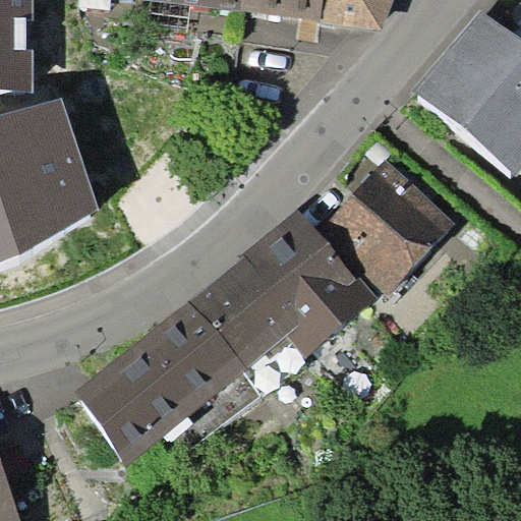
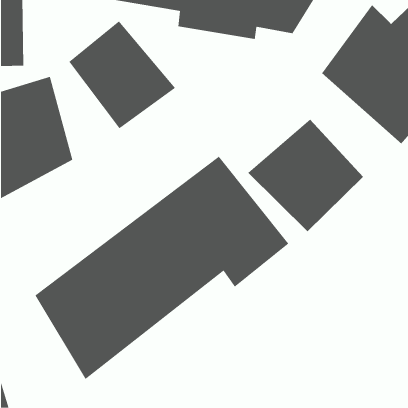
building: none -> [68,20,176,129]

